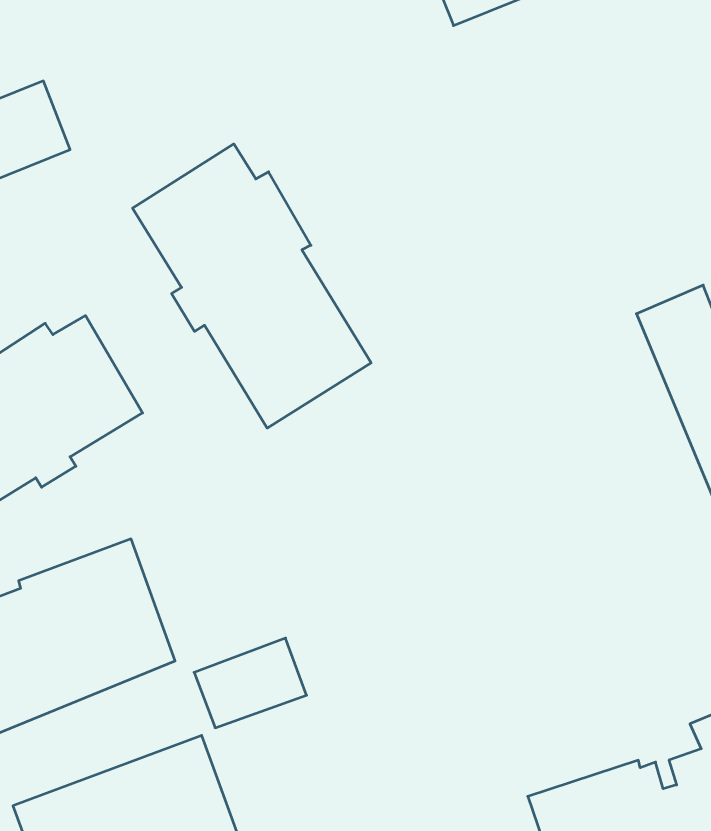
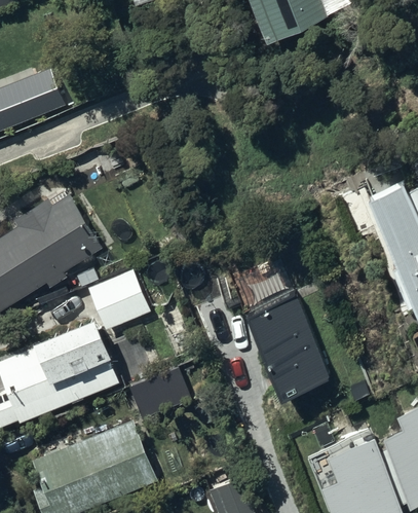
building: [133,144,371,428] -> none
building: none -> [88,270,150,332]
building: none -> [250,291,328,395]

